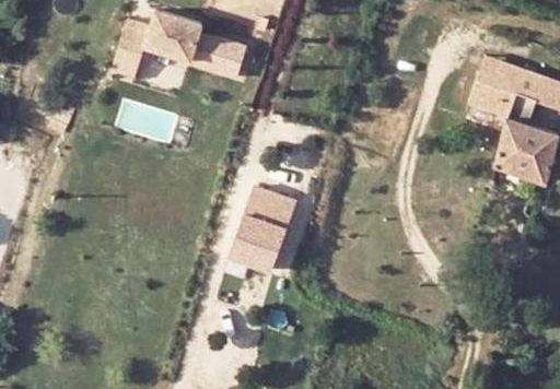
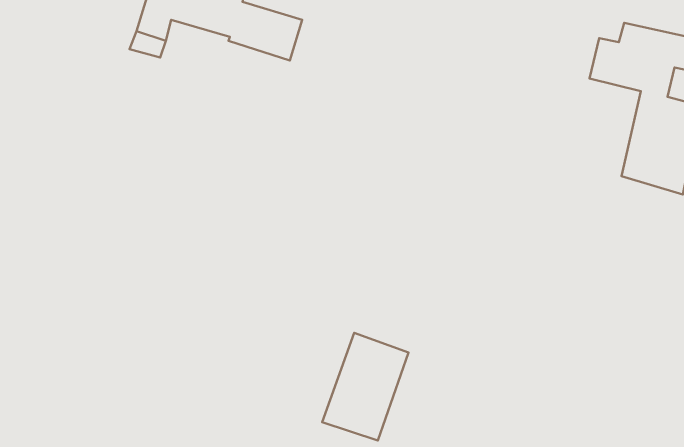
building: [230,197,298,281] -> [322,333,408,440]

